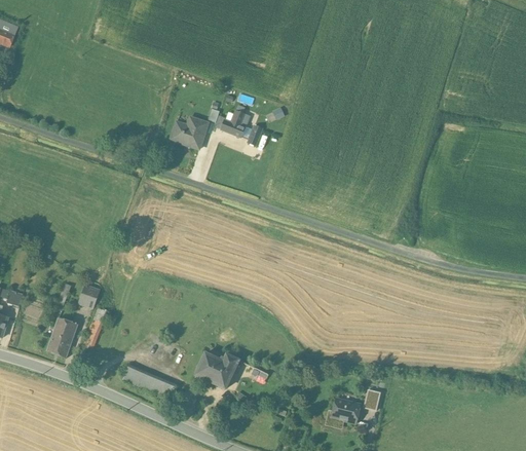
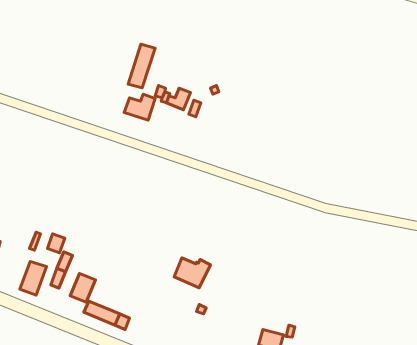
building: none -> [128,44,155,88]
building: none -> [70,274,96,302]
building: [195,351,238,387] -> [174,258,210,288]

